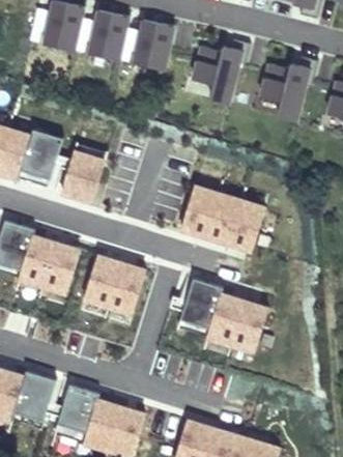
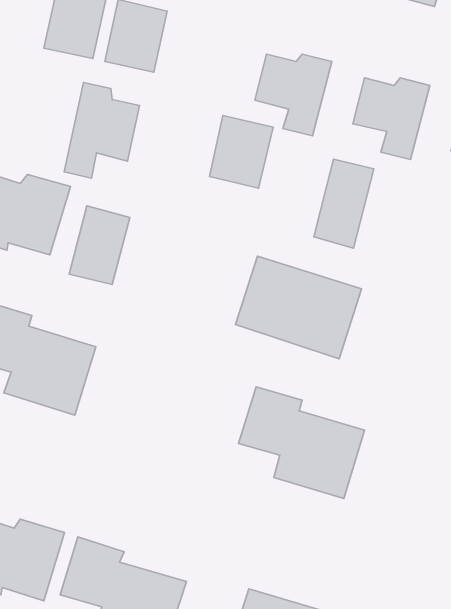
building: [133,20,177,70] -> [209,115,273,188]
building: none -> [64,83,139,178]
building: none -> [314,159,374,248]
building: [80,257,143,317] -> none

